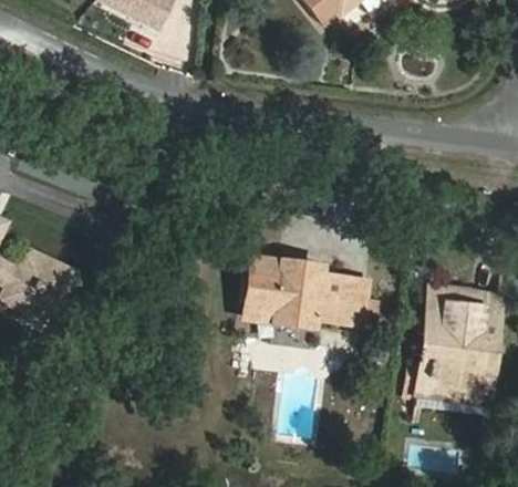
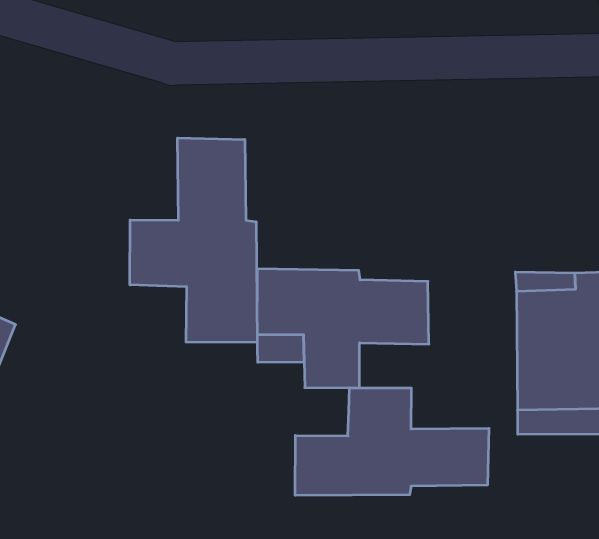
building: none -> [130,138,257,342]
building: none -> [295,388,489,495]

